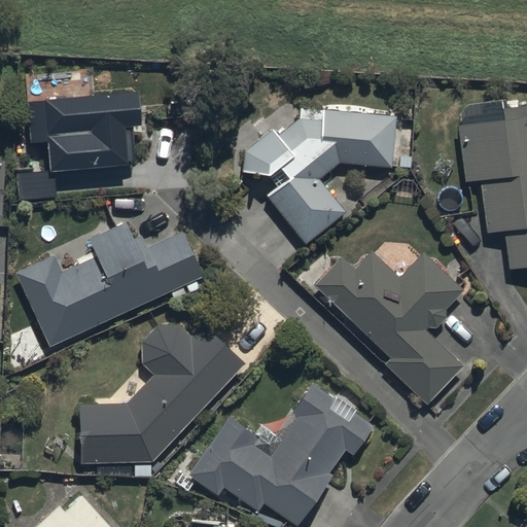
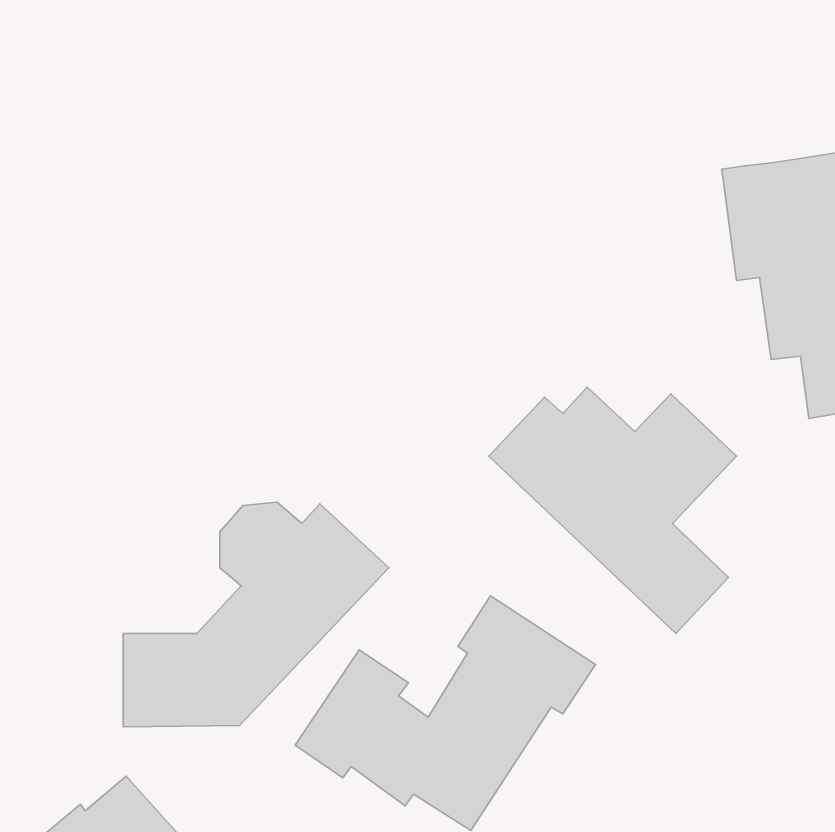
building: [20,95,144,202] -> none
building: [247,106,395,245] -> none
building: [20,229,207,352] -> none

